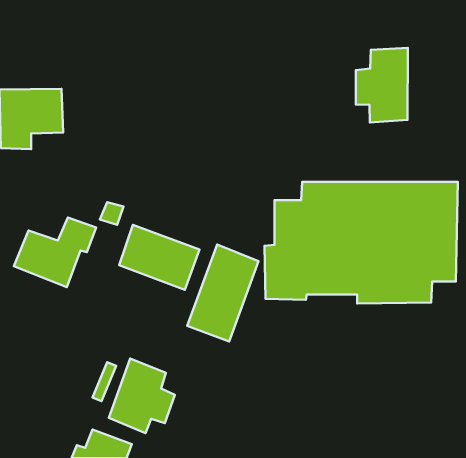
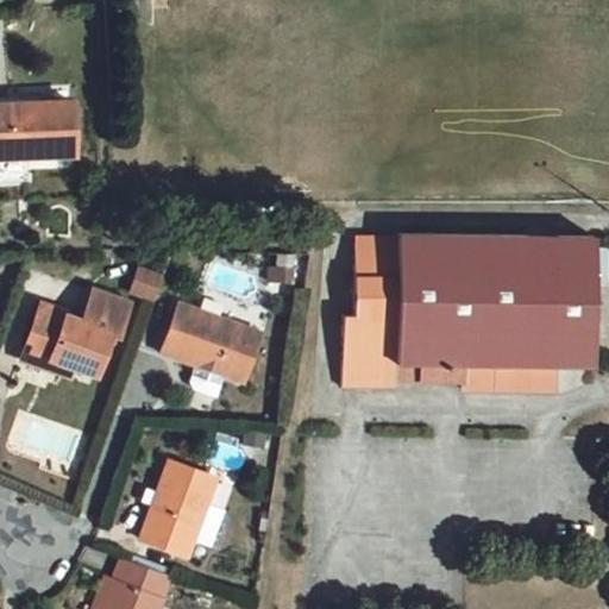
building: [356,48,408,122] -> none
building: [187,244,259,342] -> none

